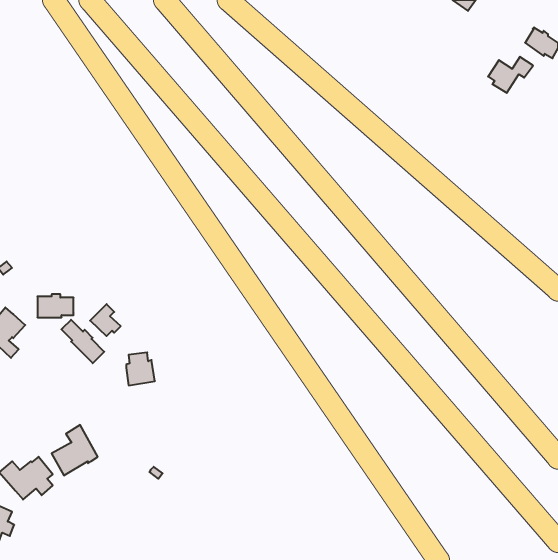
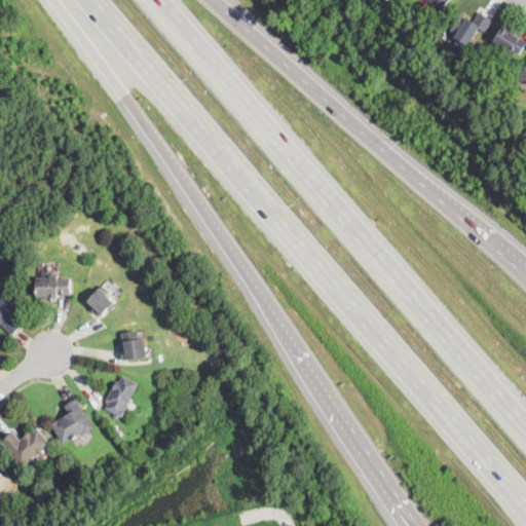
building: [488,57,533,93] -> [448,12,490,46]
building: [61,320,104,363] -> none
building: none -> [103,376,136,419]

